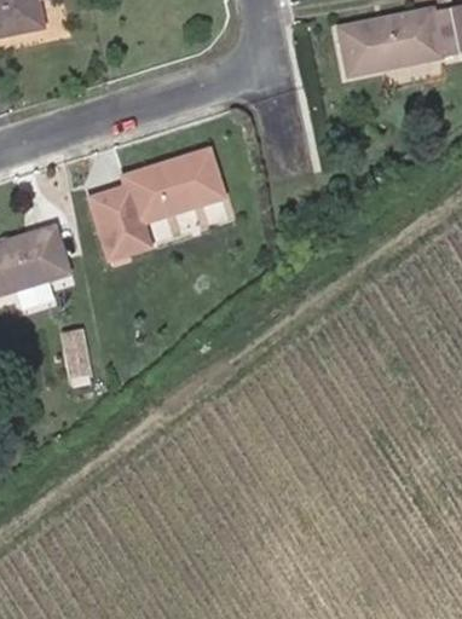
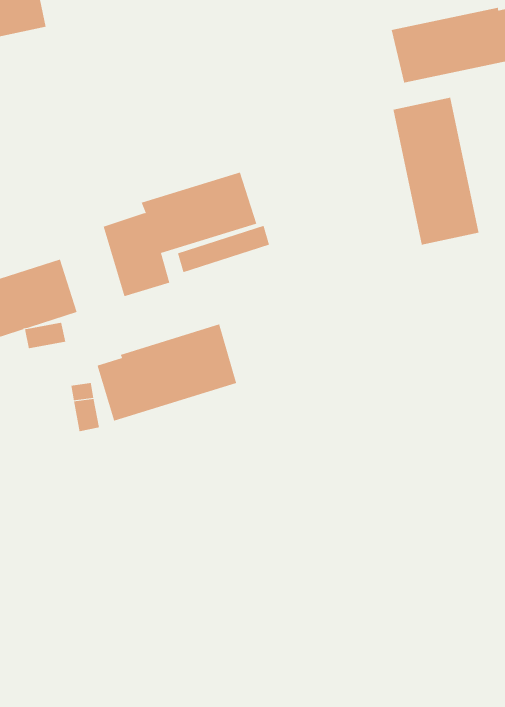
building: none -> [393,97,479,245]
building: none -> [97,323,237,422]

